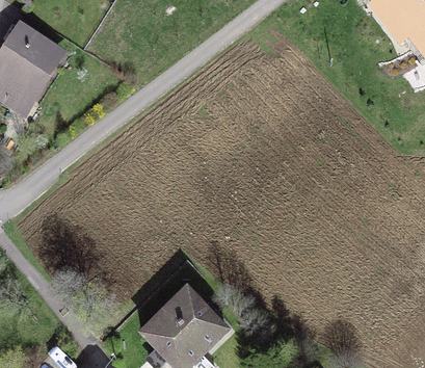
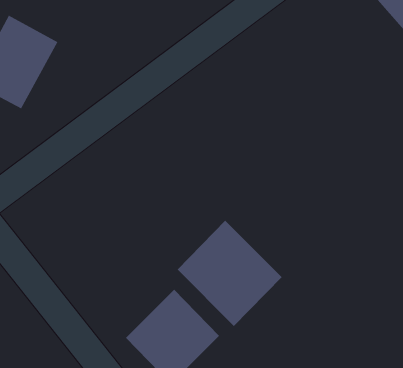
building: none -> [177,220,282,327]

